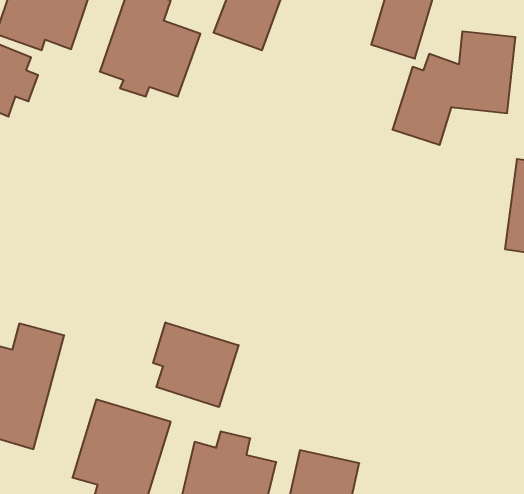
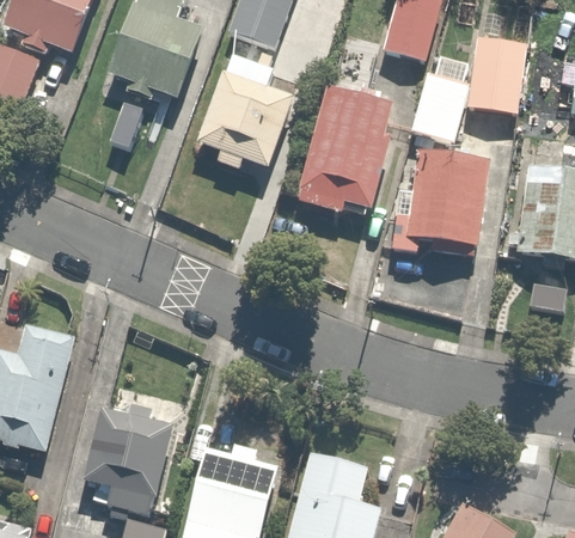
building: none -> [197,54,299,172]
building: none -> [299,78,399,212]
building: none -> [391,152,487,255]
building: [153,322,239,407] -> none

